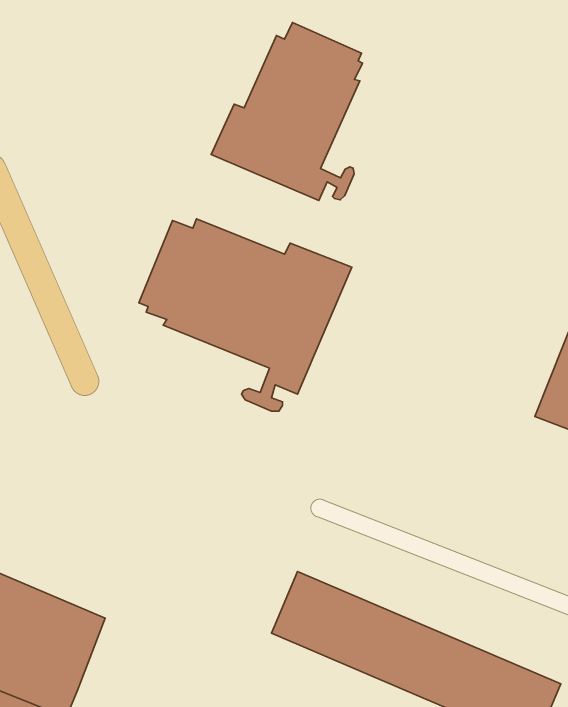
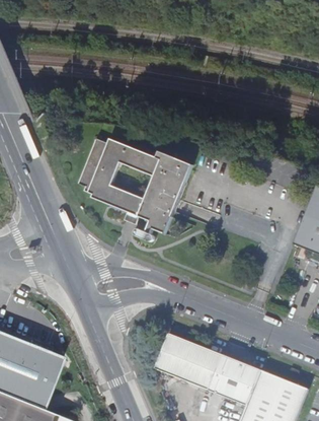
building: [211,23,362,200] -> none

